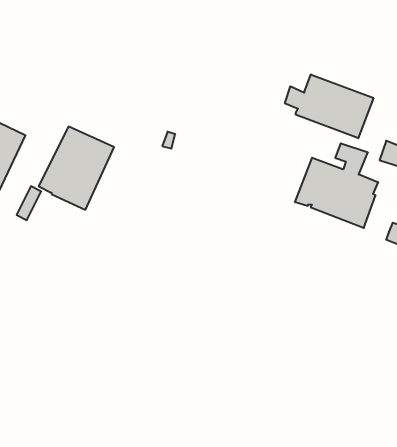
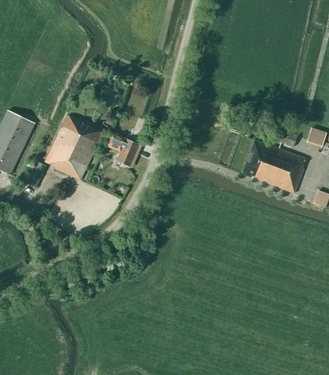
building: [285,74,373,138] -> none
building: none -> [105,132,138,166]

